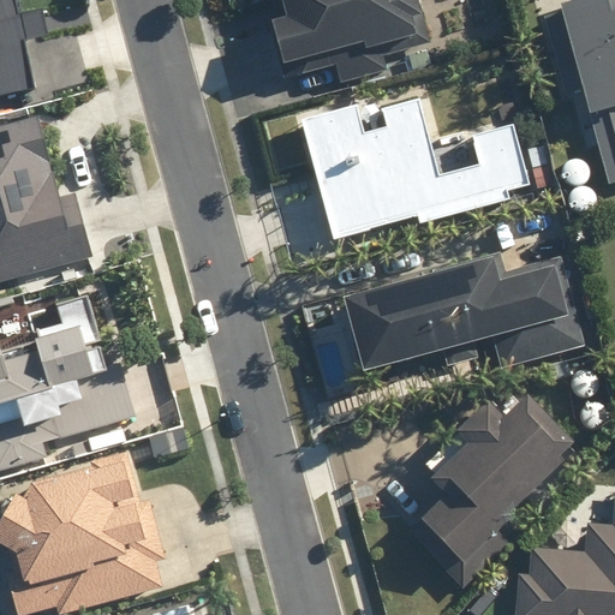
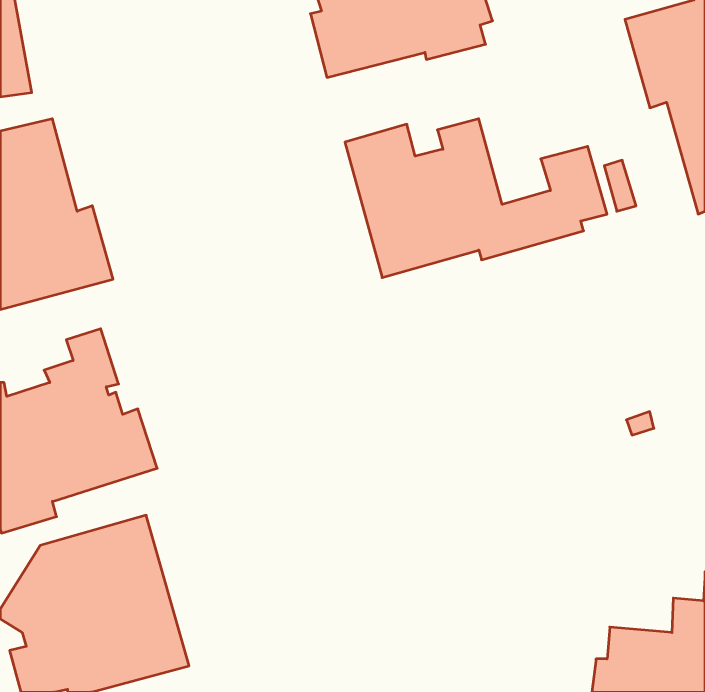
building: [341,250,584,382] -> none
building: [410,396,571,586] -> none

